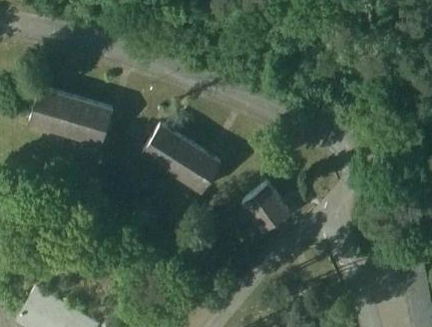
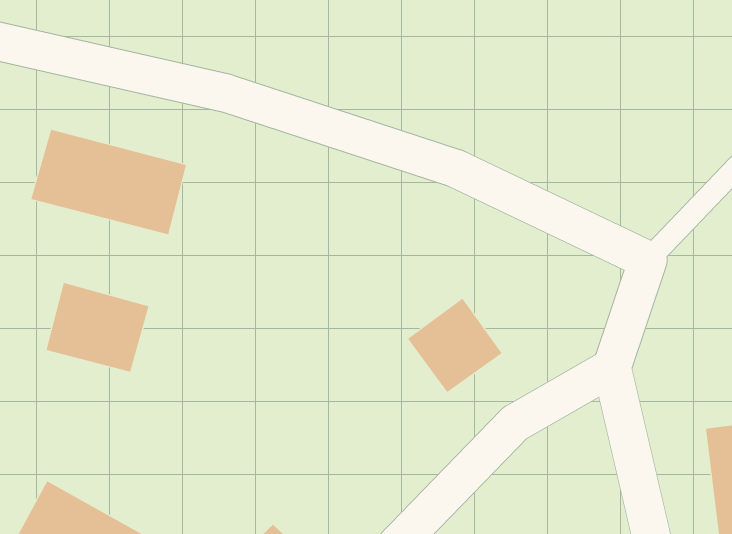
building: [138,122,223,195] -> none
building: none -> [46,282,149,373]

